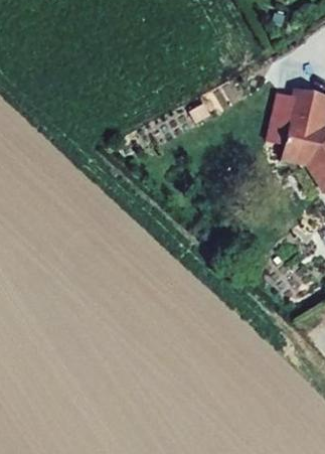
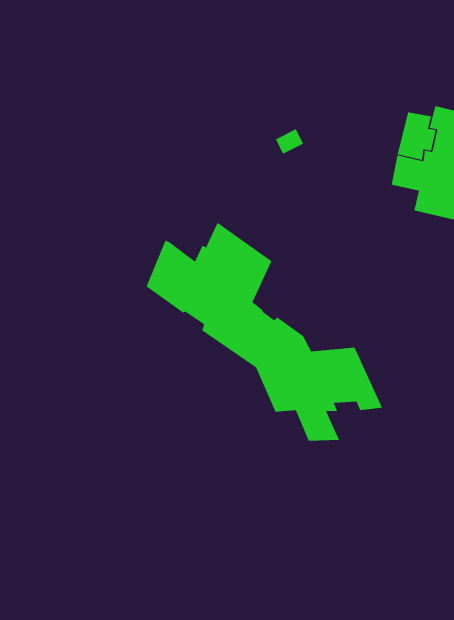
building: none -> [146,222,383,442]

